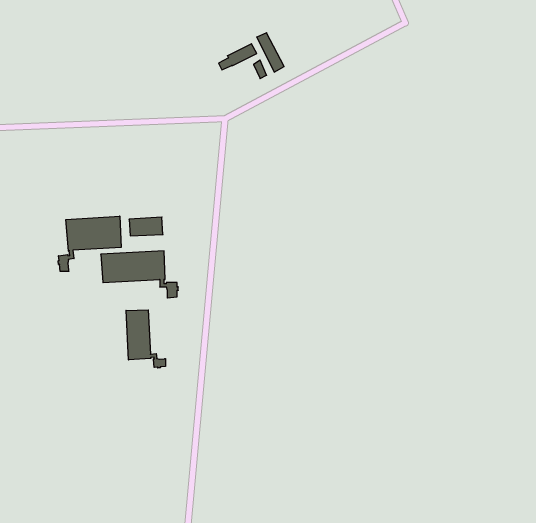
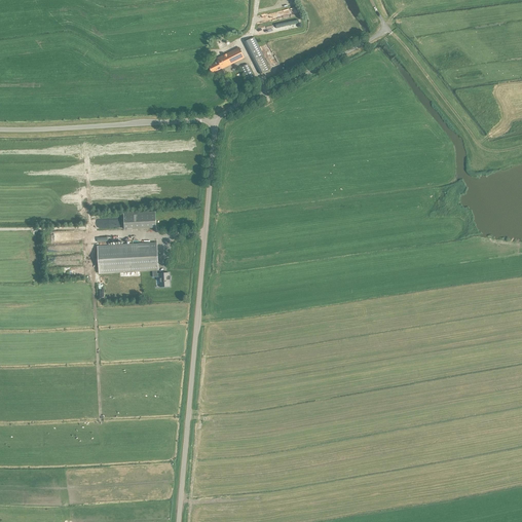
building: [58,216,121,271] -> none
building: [126,310,165,368] -> none

